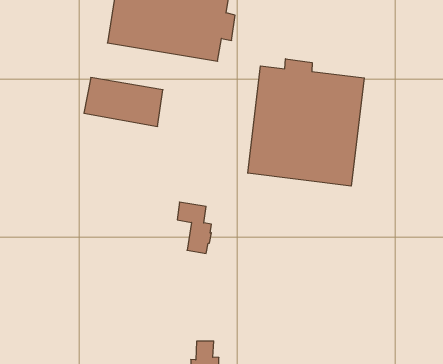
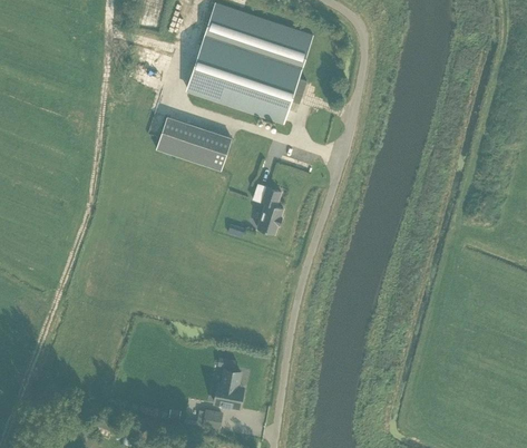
building: [248,59,364,186] -> none
building: [177,202,211,253] -> [252,185,282,235]

